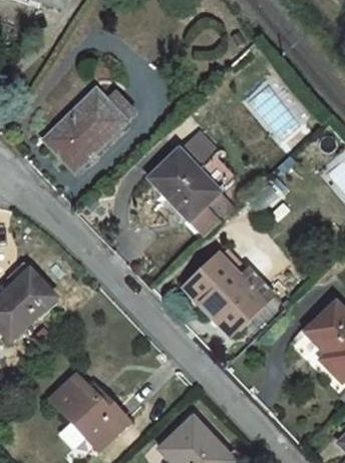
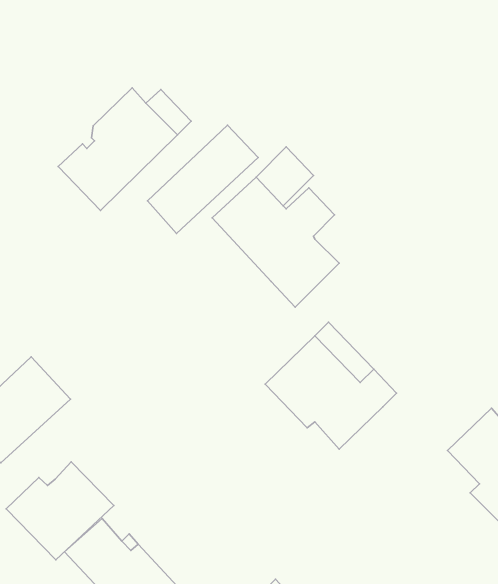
building: none -> [148,125,258,234]
building: none -> [6,462,114,560]

